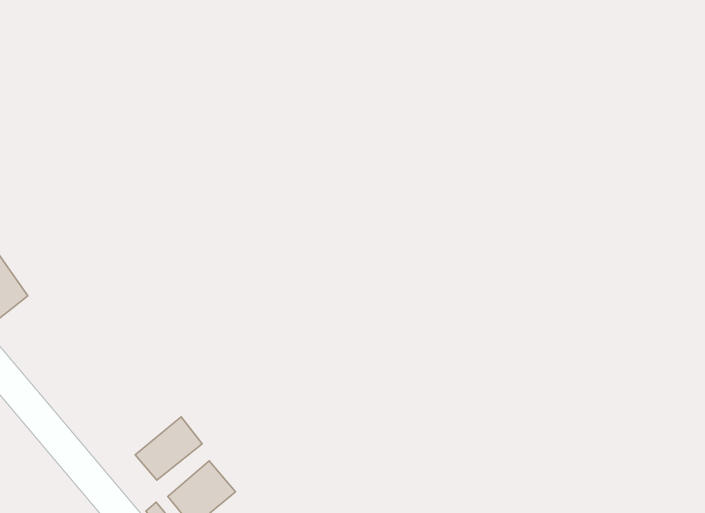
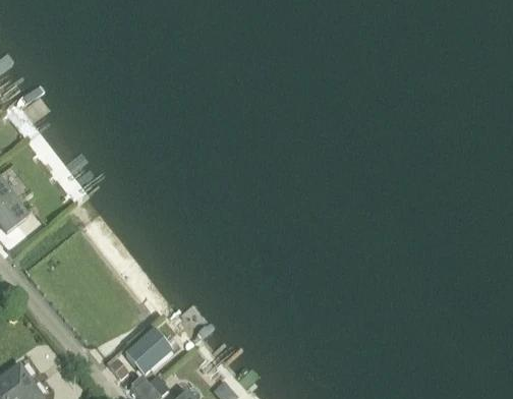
building: [135,417,202,480] -> none

